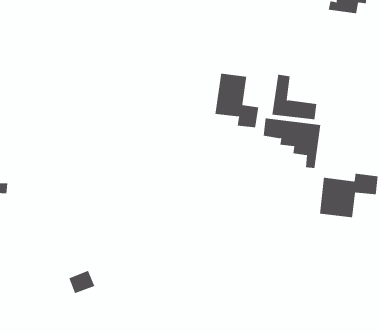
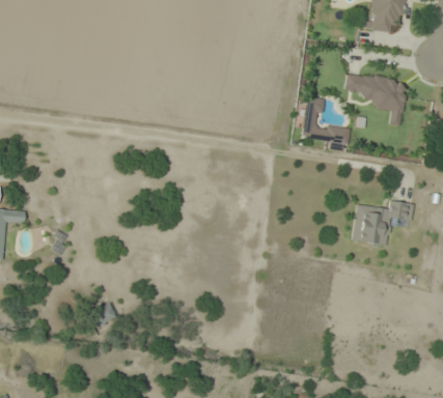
building: [215,73,259,128] -> none
building: [263,118,321,168] -> [345,72,407,124]

